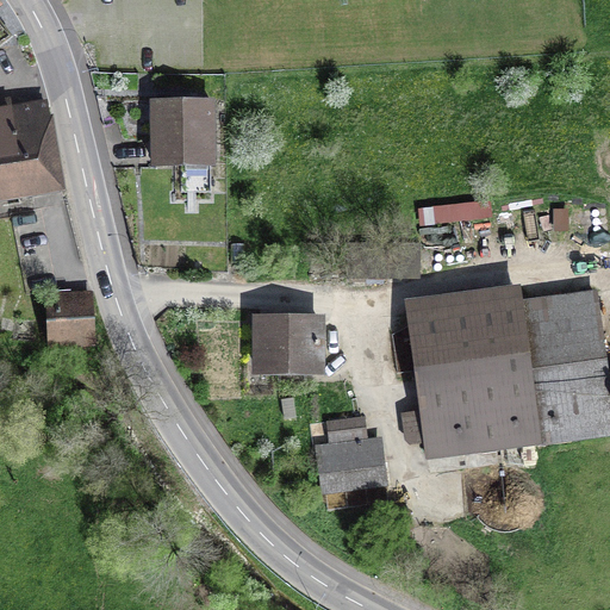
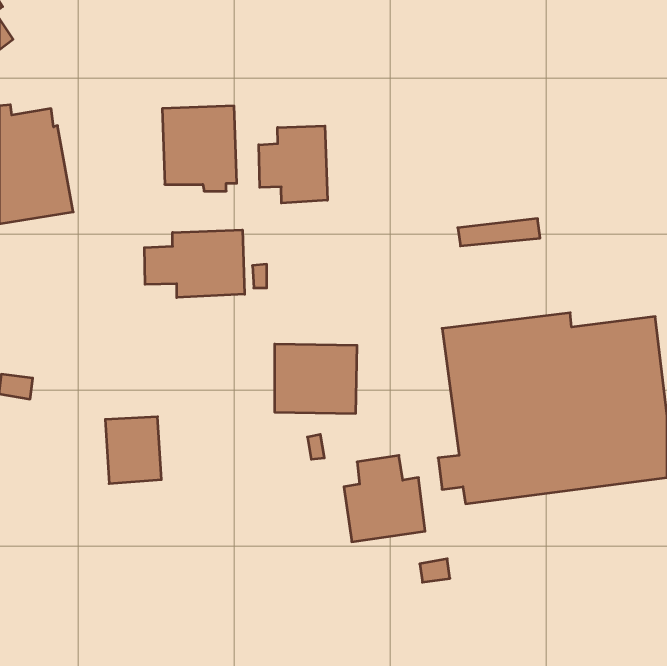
building: none -> [259,126,327,203]
building: none -> [144,230,245,298]
building: [44,288,95,349] -> [105,417,161,484]

